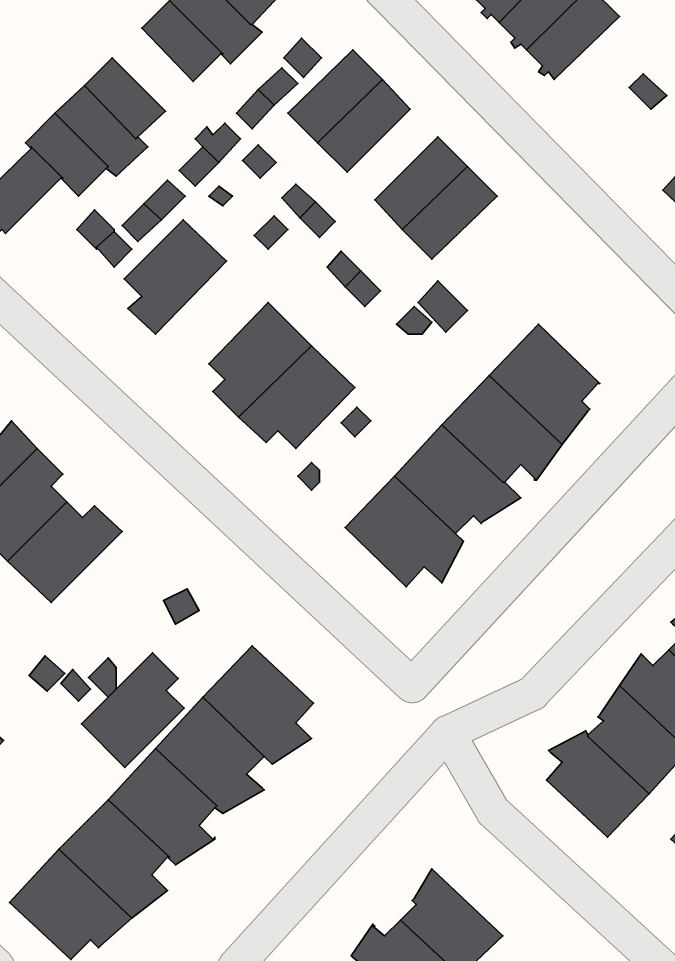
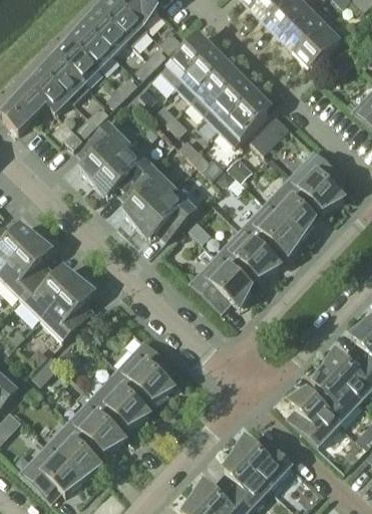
building: none -> [297,20,345,67]
building: none -> [72,26,113,68]
building: none -> [192,67,238,113]
building: none -> [253,114,289,152]
building: none -> [94,145,151,197]
building: none -> [289,151,345,211]
building: [81,653,184,767] -> [41,282,93,340]
building: none -> [235,436,292,488]

